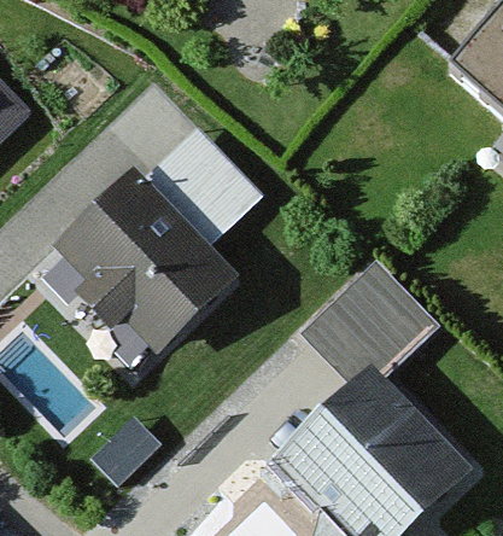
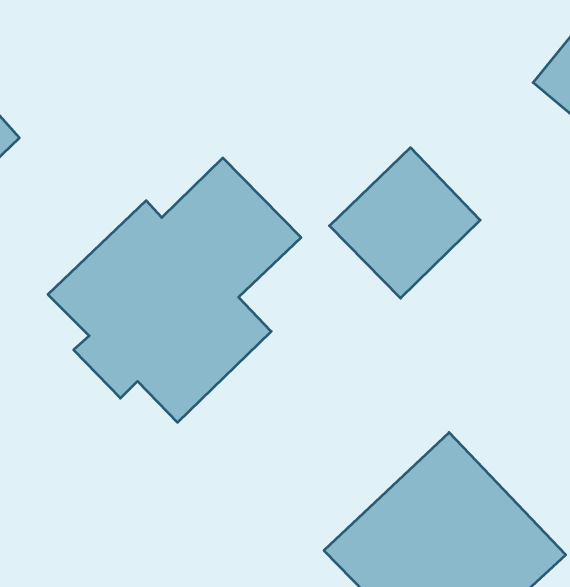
building: [302,255,429,383] -> [329,148,480,298]

